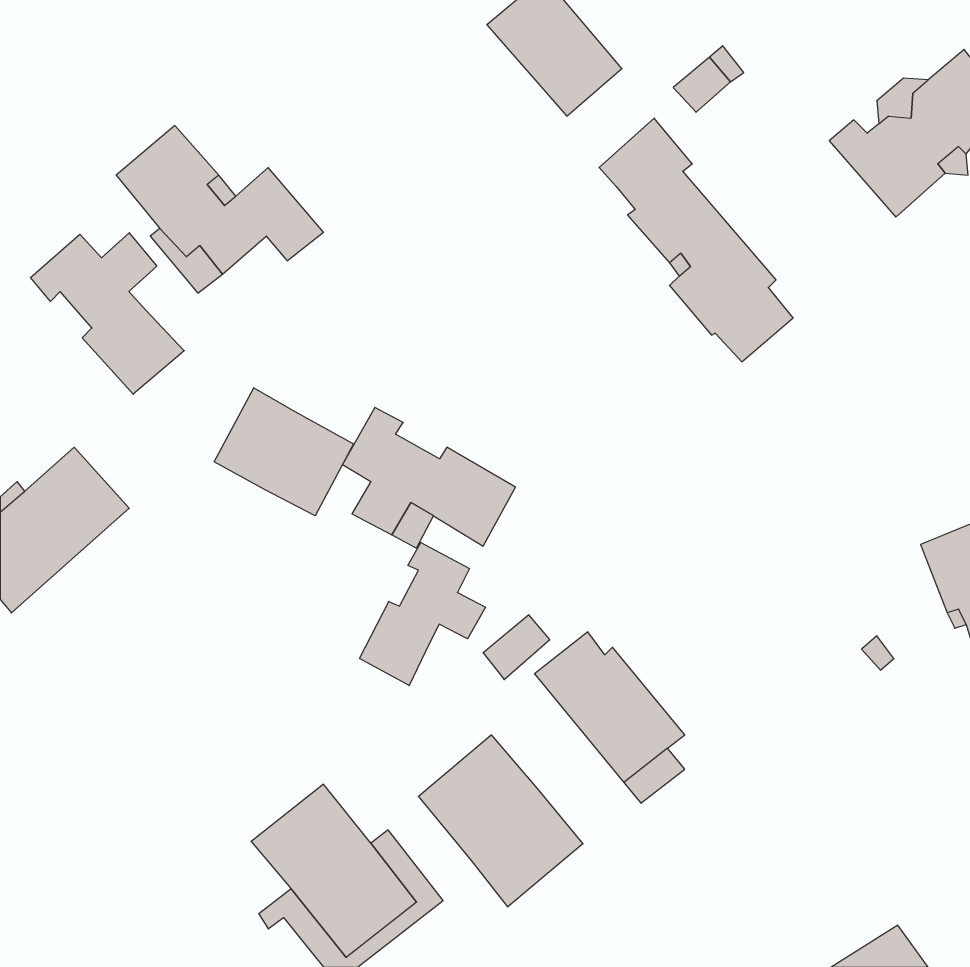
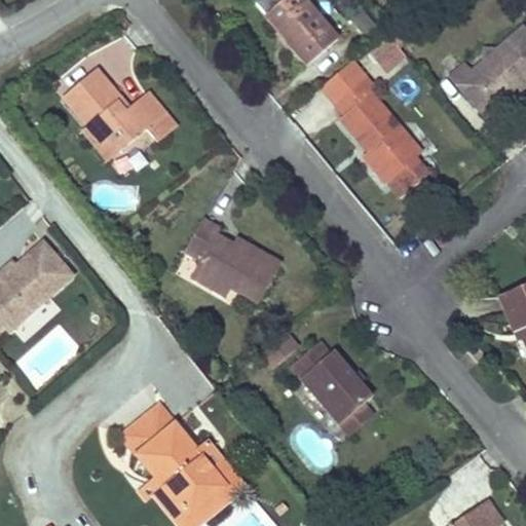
building: [31,233,184,394] -> none
building: [214,388,353,516] -> none
building: [360,543,486,686] -> none
building: [418,735,583,907] -> none
building: none -> [122,404,176,454]

